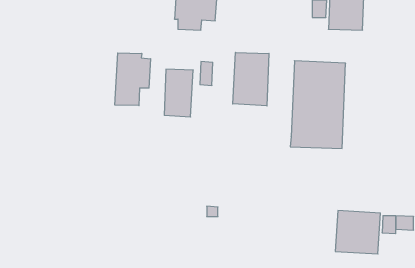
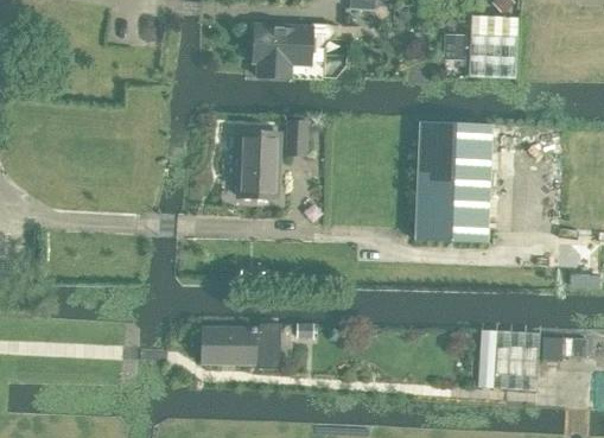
building: [233,52,269,106] -> none
building: [115,53,151,106] -> none
building: none -> [203,324,282,370]

